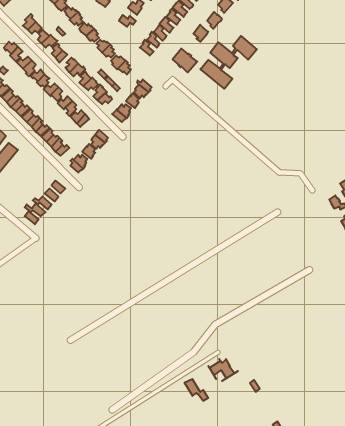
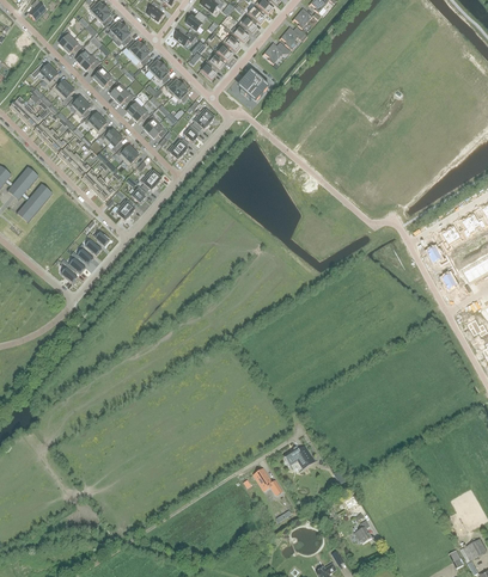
building: [200,36,257,89] -> none

